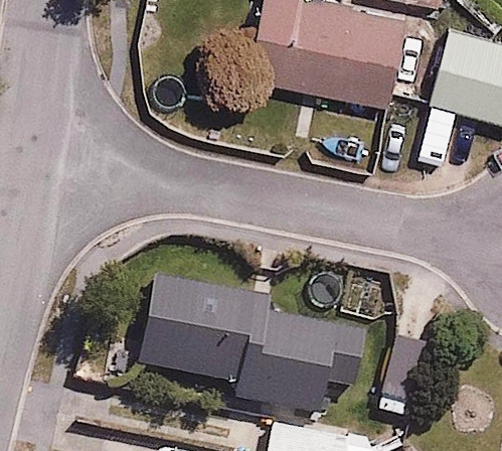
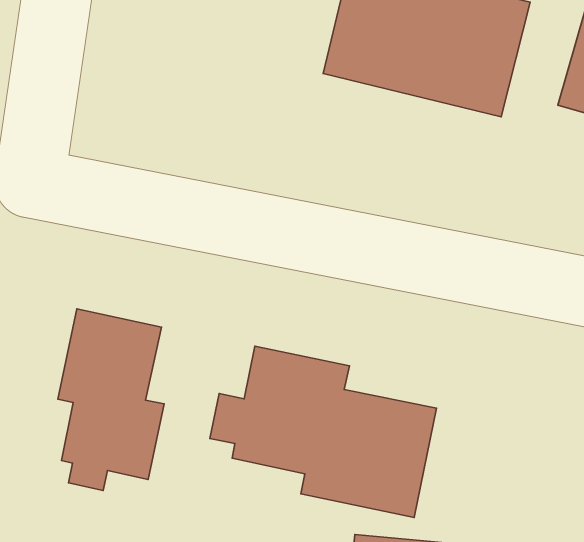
building: none -> [58,309,164,490]

